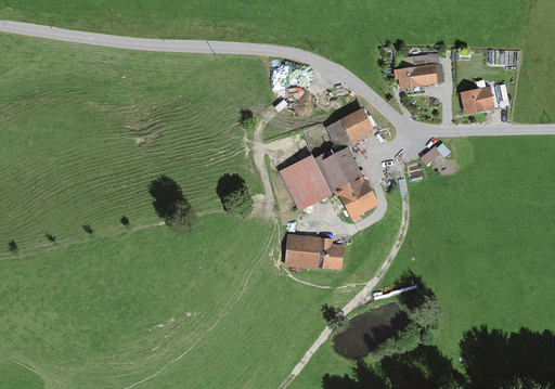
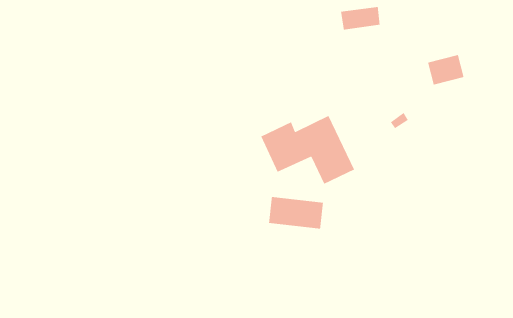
building: [392,61,436,87] -> [340,6,381,30]
building: [325,107,376,150] -> none

